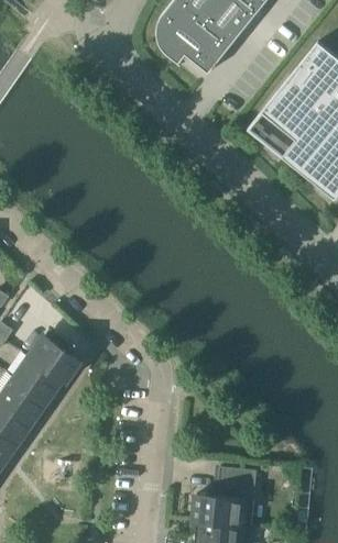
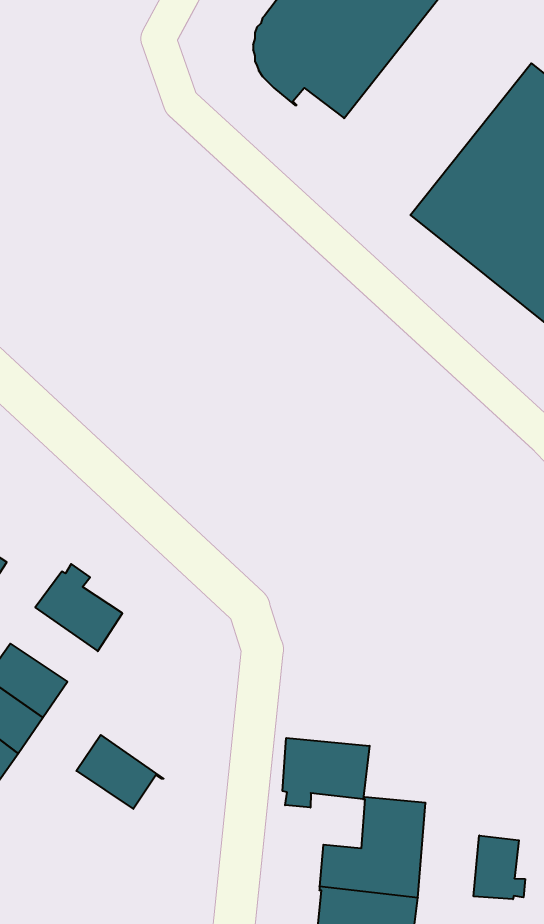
building: [14,356,65,399] -> [76,735,164,809]
building: none -> [283,738,370,808]
building: none -> [474,835,525,899]

